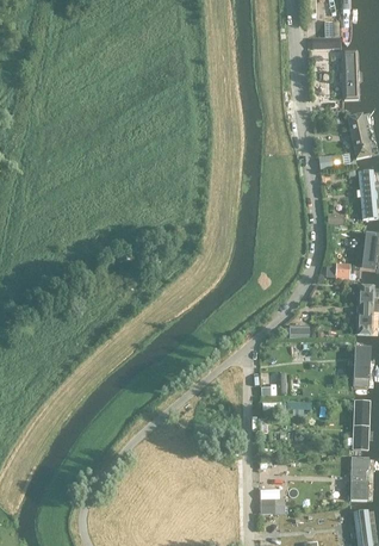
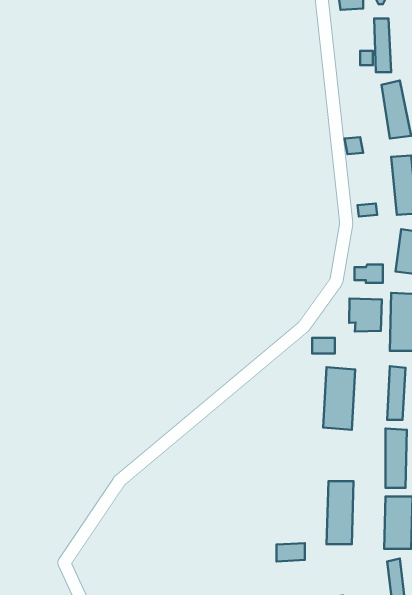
building: none -> [349,299,382,332]
building: none -> [323,367,355,430]
building: none -> [327,481,353,544]

